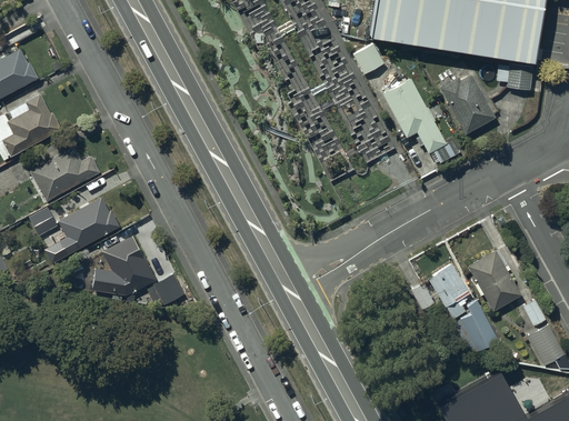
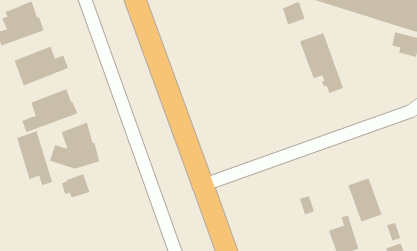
building: [438,77,496,136] -> none
building: [30,209,59,238] -> none
building: none -> [16,131,53,186]
building: [428,265,467,318] -> none
building: [148,274,186,308] -> [61,173,90,198]

